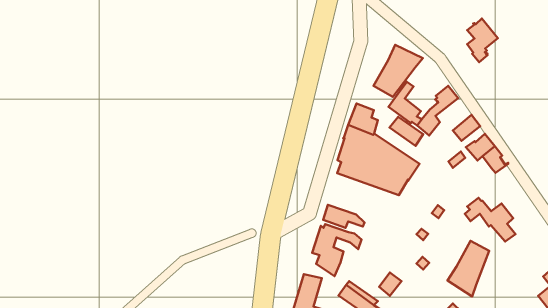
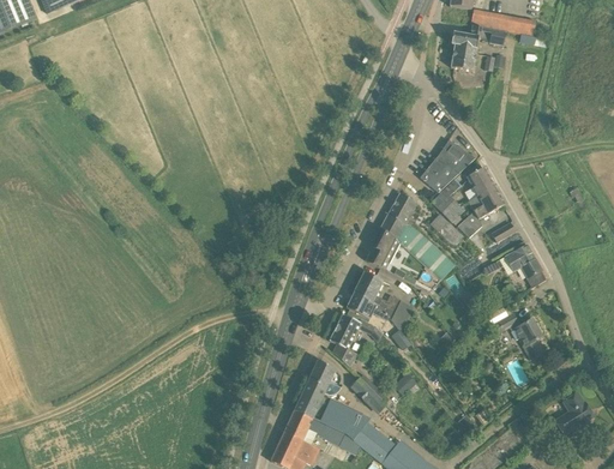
building: [467,19,498,62] -> [464,167,496,211]
building: none -> [354,271,414,331]
building: [447,241,489,296] -> none

